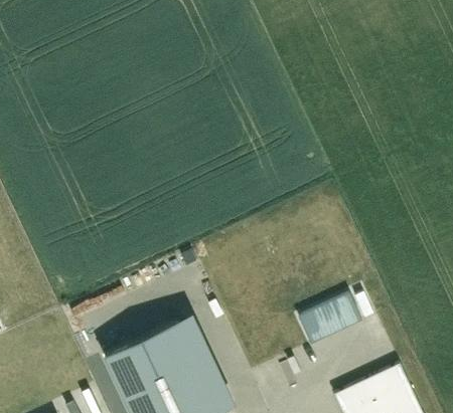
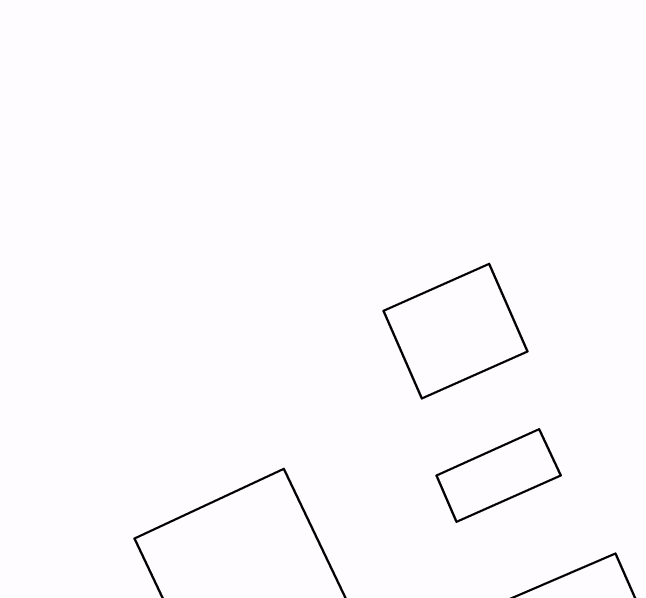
building: none -> [384,264,528,399]

